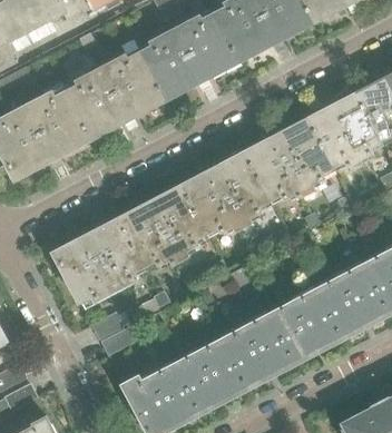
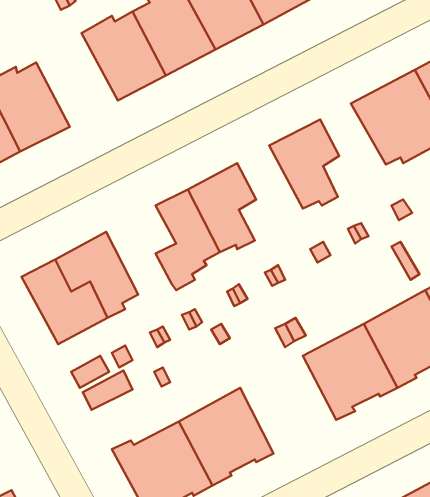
building: [66,67,128,138] -> none
building: [283,120,333,196] -> none
building: [219,152,270,229] -> none
building: [119,198,173,266] -> none
building: [222,313,295,387] -> none

